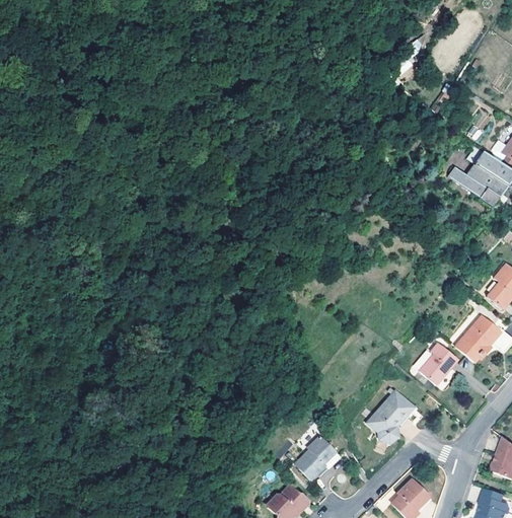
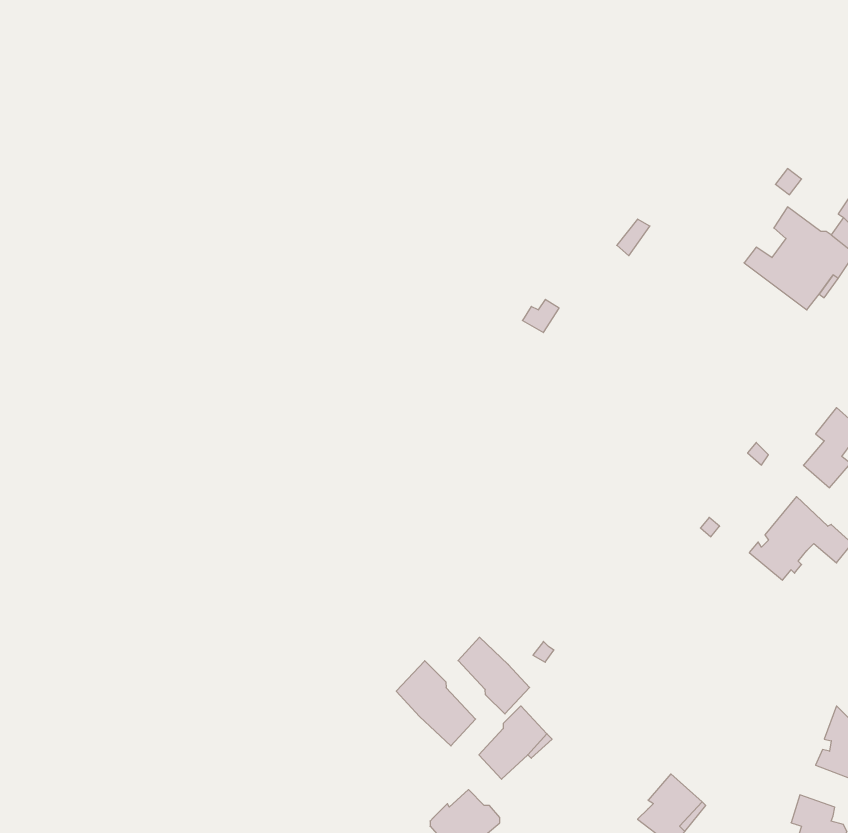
building: [417,343,455,384] -> none
building: [377,387,422,435] -> none
building: none -> [458,637,530,714]
building: none -> [396,661,476,746]

